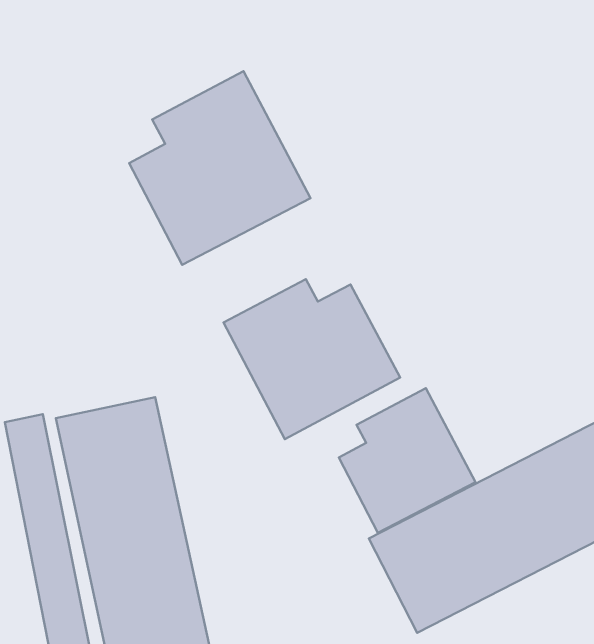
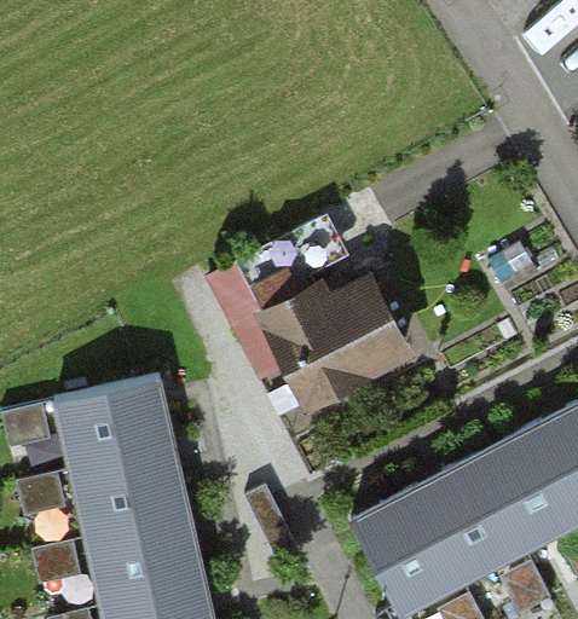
building: [129,71,310,265] -> none
building: [339,388,475,533] -> none

